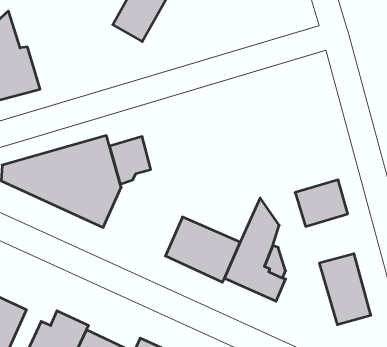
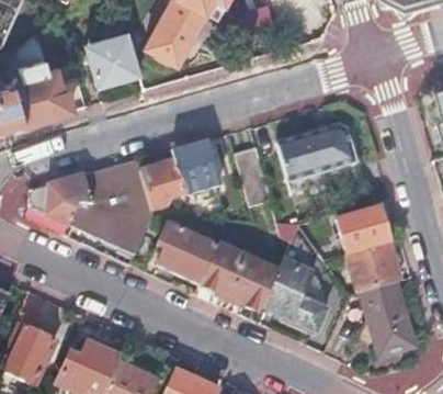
building: none -> [87,32,140,86]
building: none -> [275,125,362,198]
building: none -> [173,140,219,195]
building: none -> [234,148,270,201]
building: none -> [158,221,218,285]
building: none -> [347,241,401,292]

